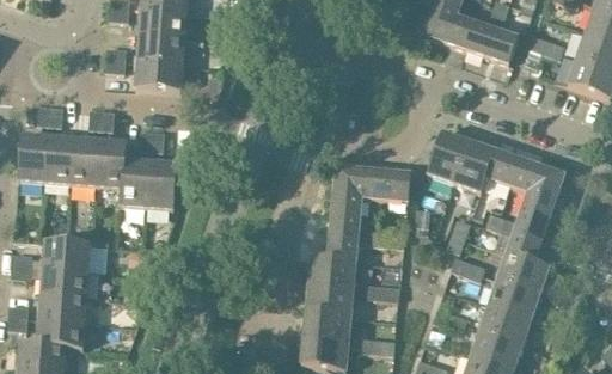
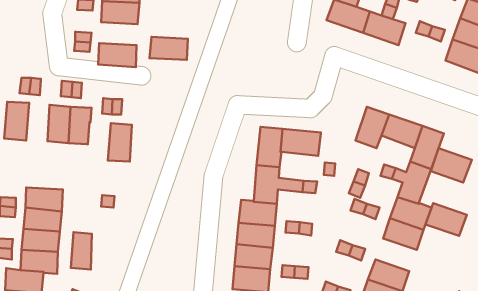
building: [135,35,183,63] -> [149,37,188,60]
building: [427,130,469,182] -> none
building: [44,135,73,183] -> none
building: [118,159,149,207] -> none
building: none -> [431,148,472,182]
building: none -> [71,232,92,269]
building: [479,304,531,344] -> [425,203,467,236]

